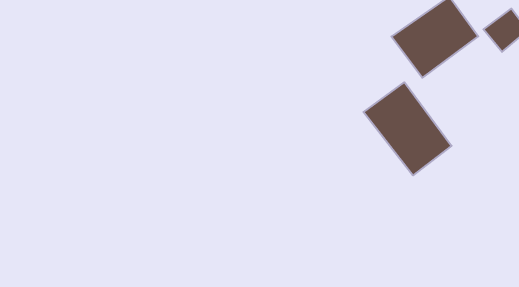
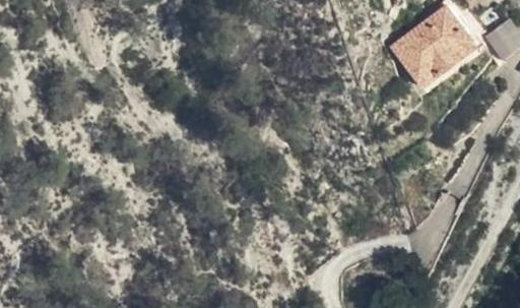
building: [363,82,452,175] -> none

